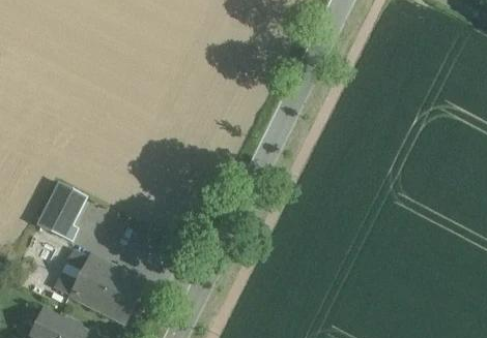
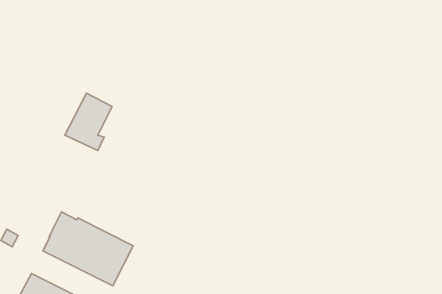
building: [37,182,85,240] -> [65,93,112,151]

